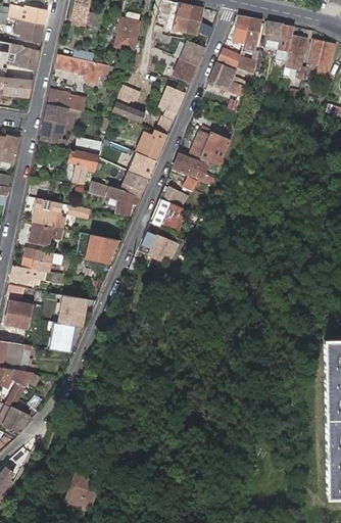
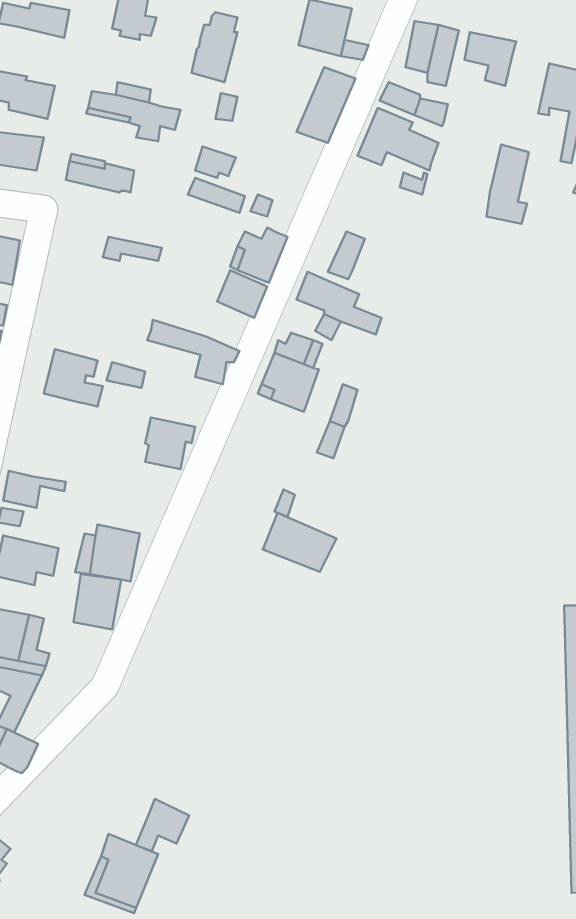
building: [14,18,44,44] -> none
building: [284,34,307,78] -> [487,145,529,224]
building: [158,87,185,135] -> none
building: [38,103,75,145] -> none
building: [201,126,233,169] -> none
building: [68,147,101,183] -> none
building: [120,171,149,198] -> none
building: [29,222,54,246] -> none
building: [138,231,179,264] -> [263,513,337,572]
building: [22,247,61,271] -> none
building: none -> [136,799,189,851]

